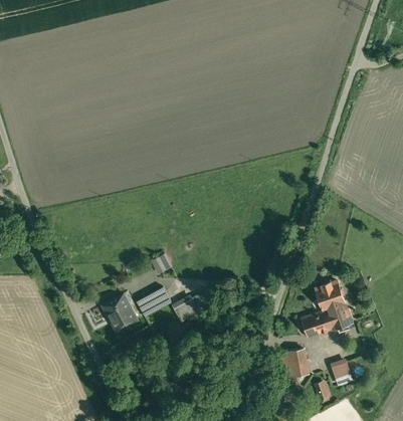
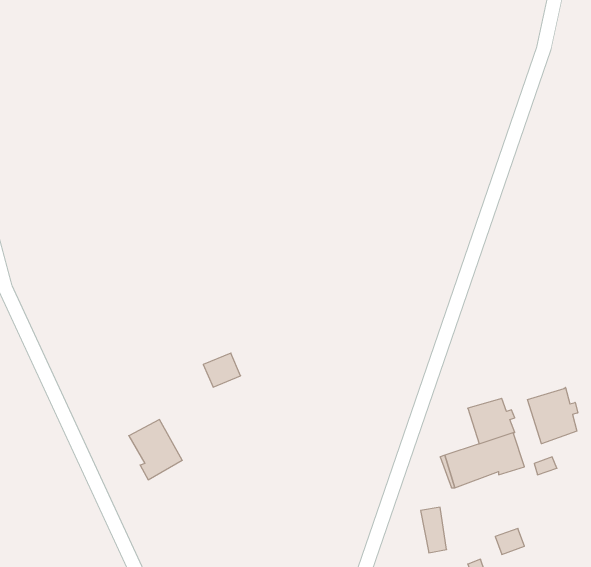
building: none -> [527,387,578,444]
building: [137,287,171,317] -> none
building: [174,293,206,322] -> none

